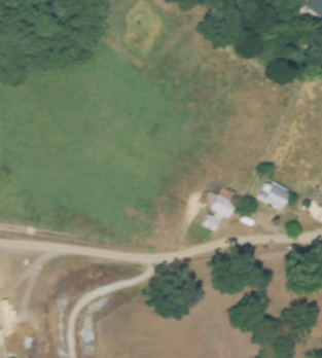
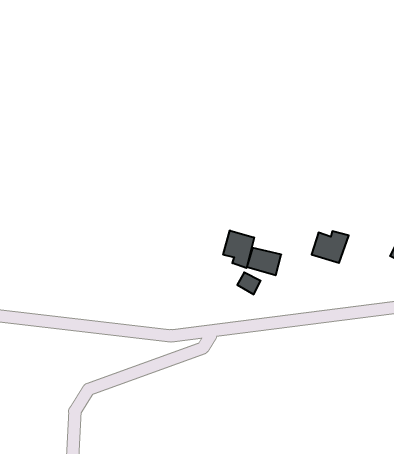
building: none -> [223,230,254,268]

